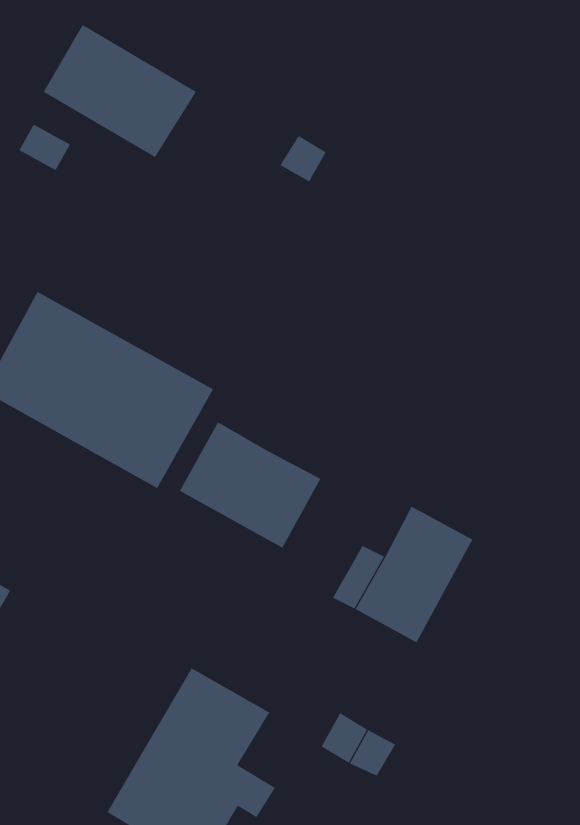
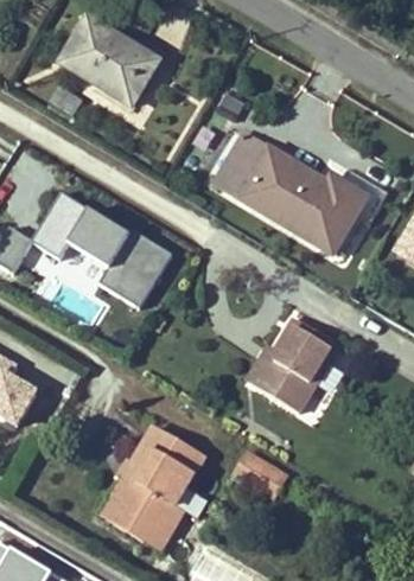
building: none -> [217,136,365,256]
building: [179,421,321,548] -> none

